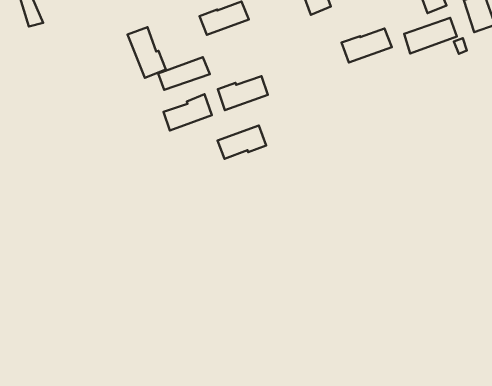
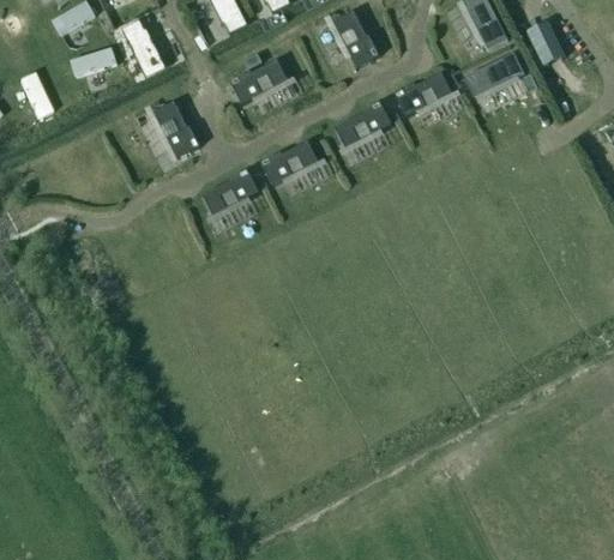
building: none -> [336,104,390,149]
building: [158,57,210,90] -> none
building: [217,126,266,159] -> none

